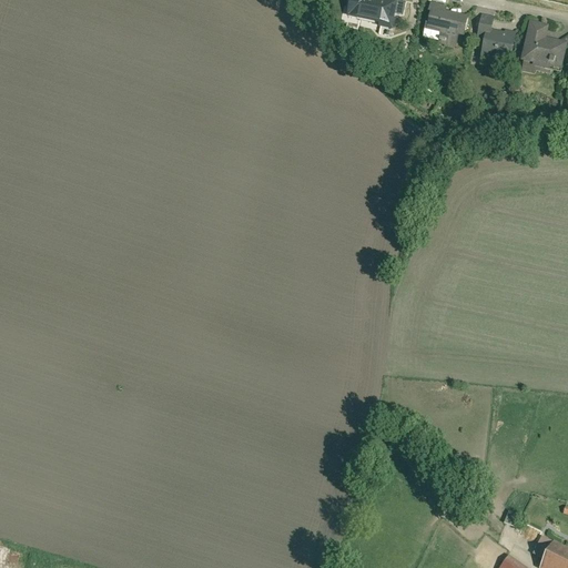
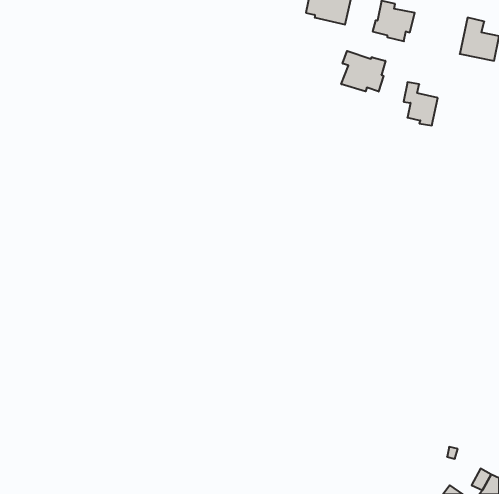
building: [478,13,517,62] -> [404,82,438,125]
building: none -> [341,51,385,92]

